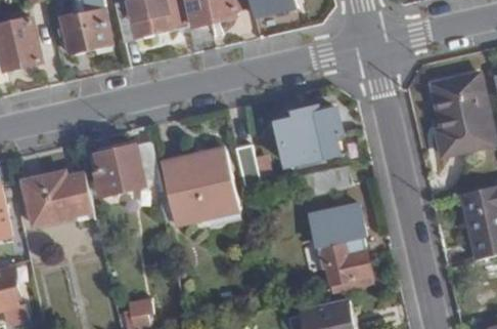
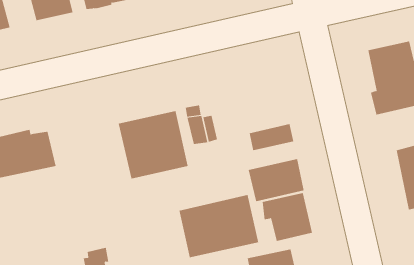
building: [278,110,336,165] -> none
building: [95,140,162,196] -> none
building: none -> [179,194,259,258]

